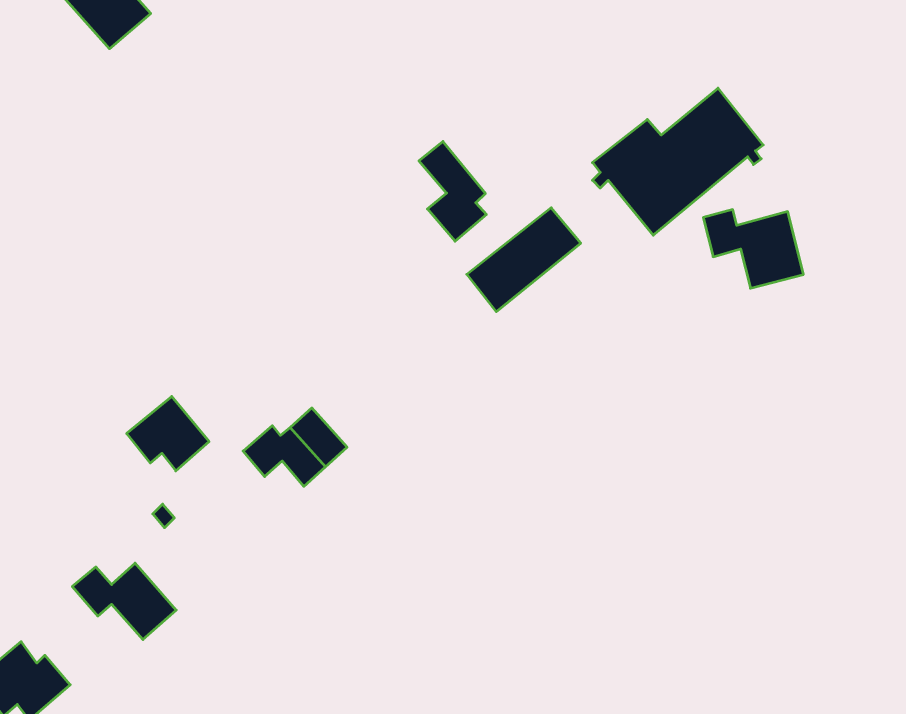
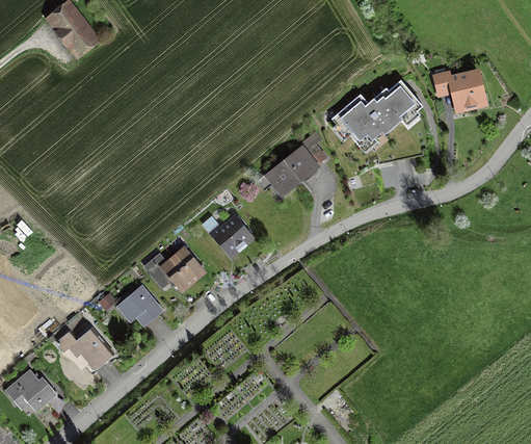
building: [419,141,486,241] -> none
building: [703,210,803,288] -> [432,71,485,112]
building: none -> [211,219,251,257]
building: [127,396,209,471] -> [117,286,161,325]

